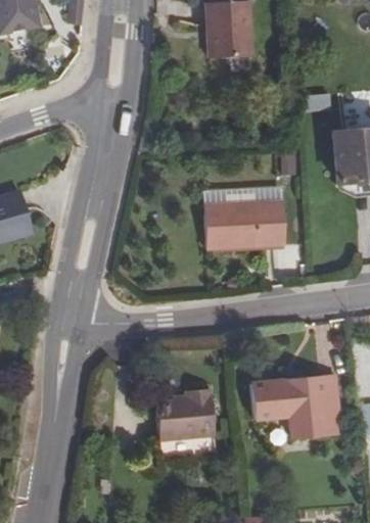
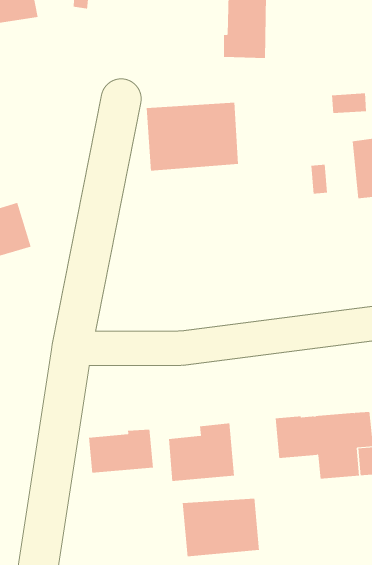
building: [204,200,287,262] -> [146,102,239,171]
building: none -> [89,429,154,473]
building: none -> [182,498,260,557]

